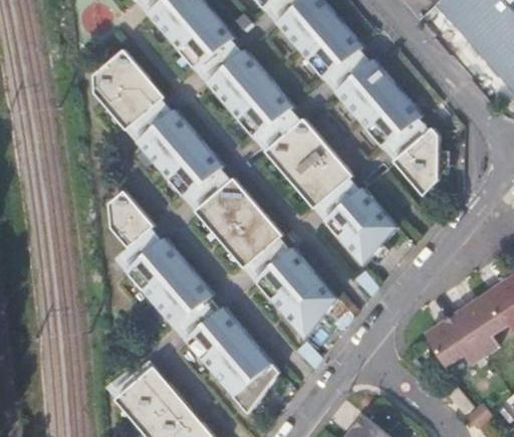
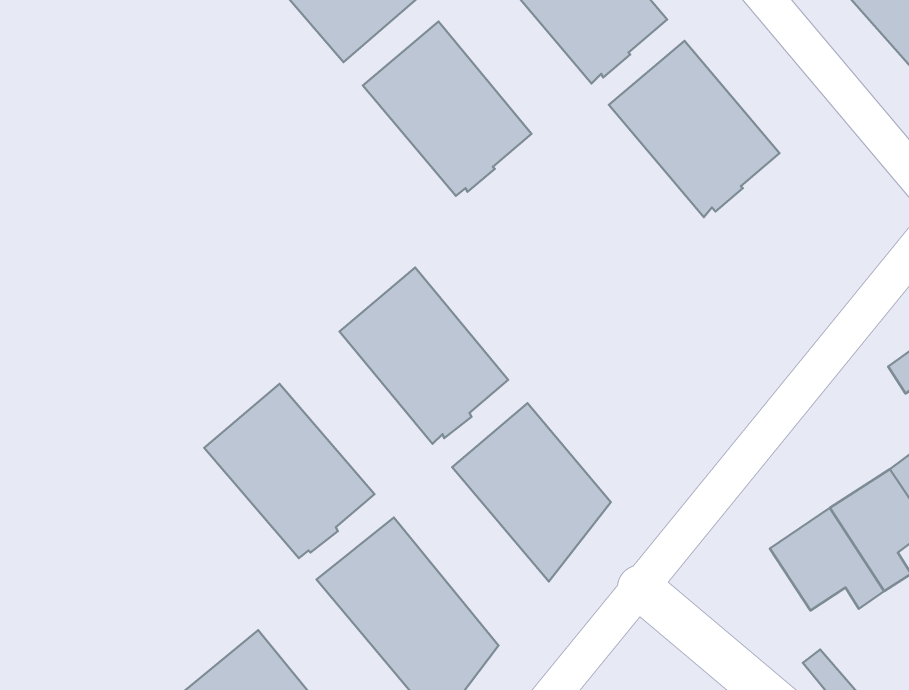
building: [96,49,169,131] -> none
building: [140,111,228,202] -> none
building: [268,122,355,213] -> none
building: [397,132,444,200] -> none
building: [325,191,399,269] -> none
building: [112,193,157,249] -> none

